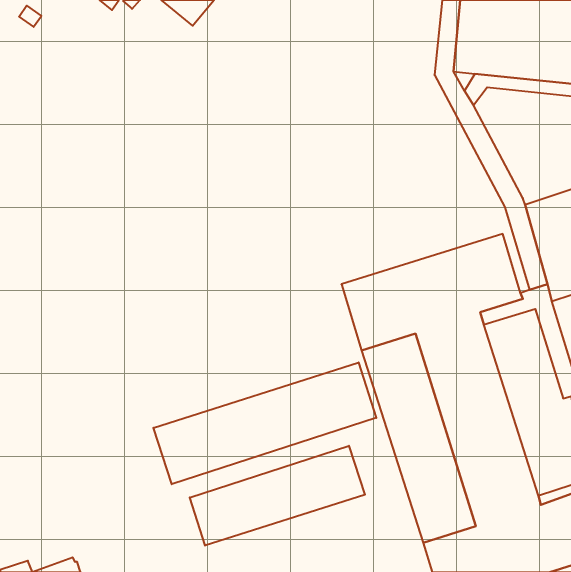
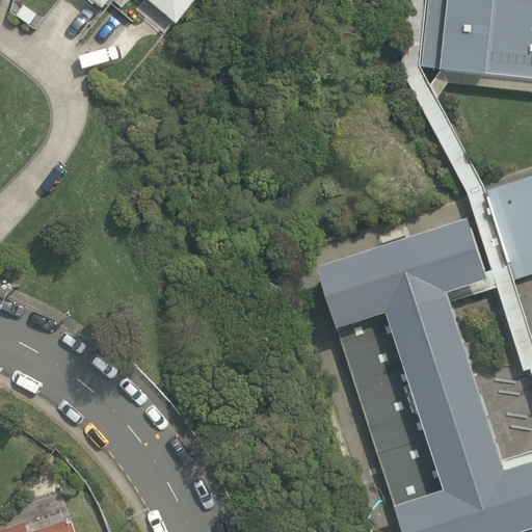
building: [153,362,376,484] -> none
building: [190,446,365,546] -> none

